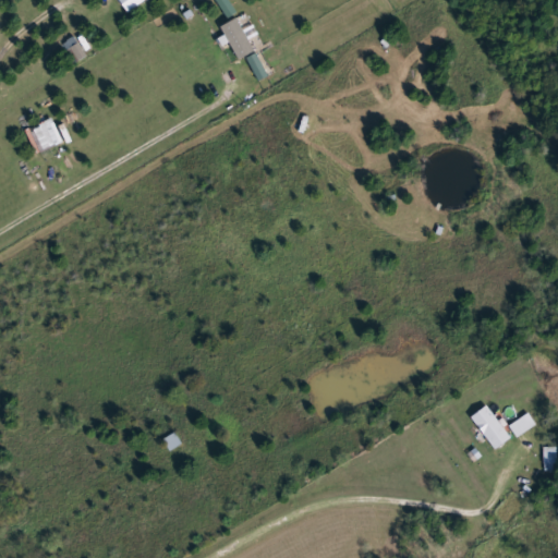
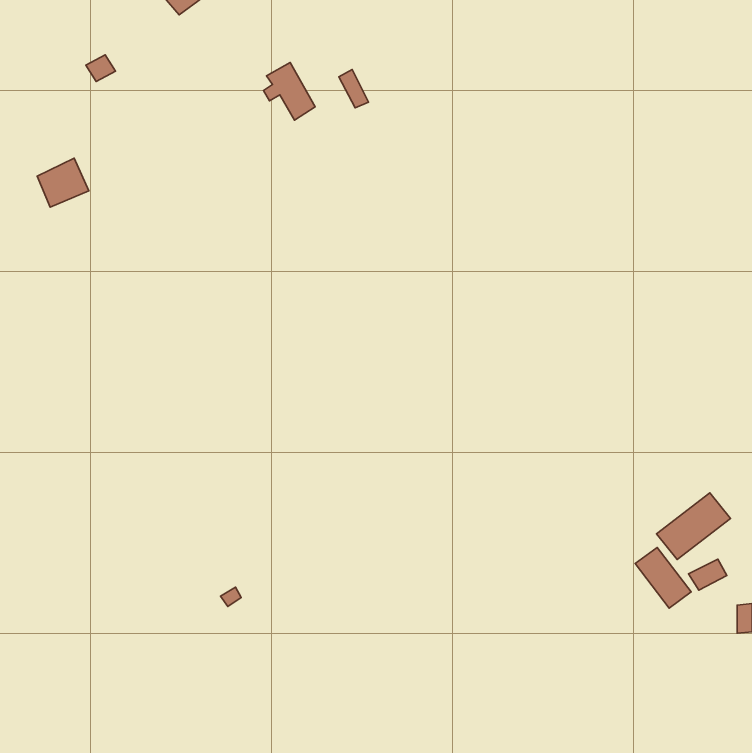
building: [220,16,258,59] -> [263,62,315,120]
building: none -> [656,493,731,560]

